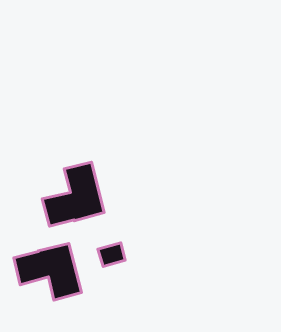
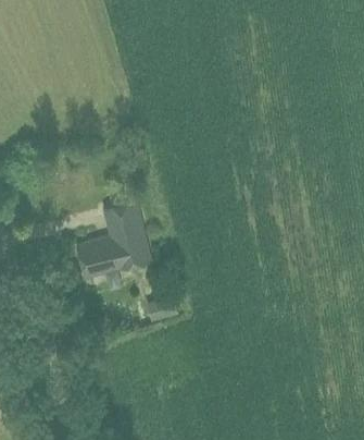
building: [14,244,81,300] -> none

